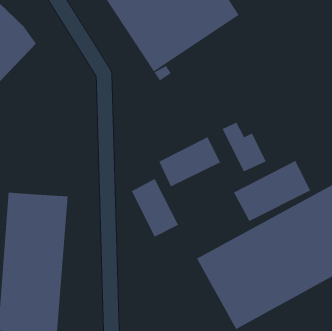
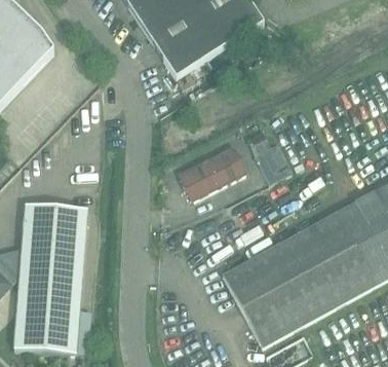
building: [233,160,311,222] -> none
building: [131,178,179,237] -> none

